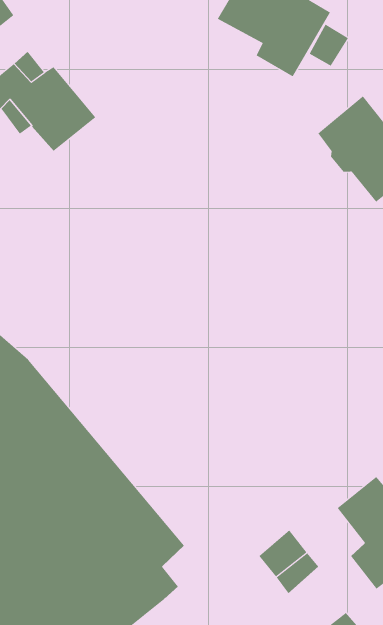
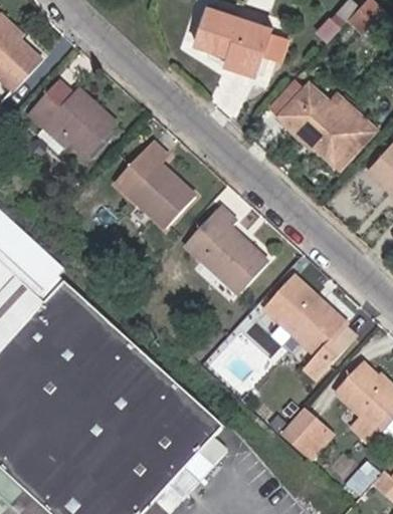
building: none -> [116,143,195,228]
building: none -> [185,208,266,294]
building: none -> [267,279,355,379]

